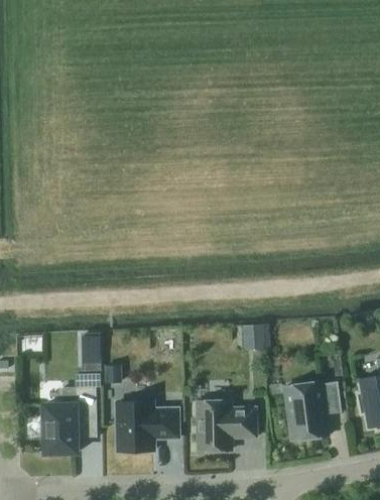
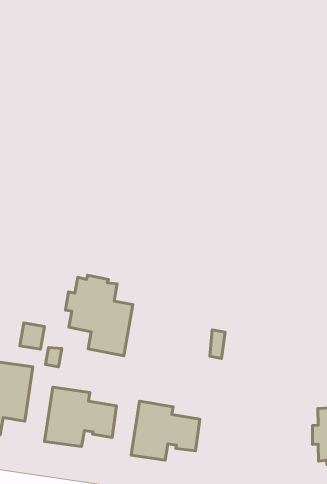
building: none -> [66,275,133,356]
building: [284,382,340,441] -> none

